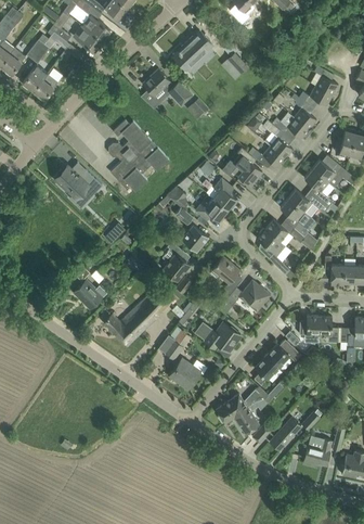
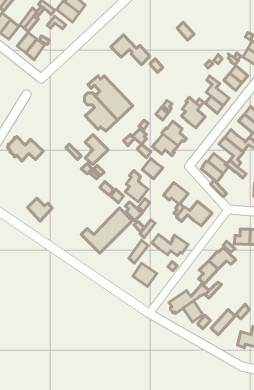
building: [172,30,212,71] -> none
building: [56,166,102,197] -> [7,137,43,161]
building: [74,280,105,309] -> [28,198,52,221]

